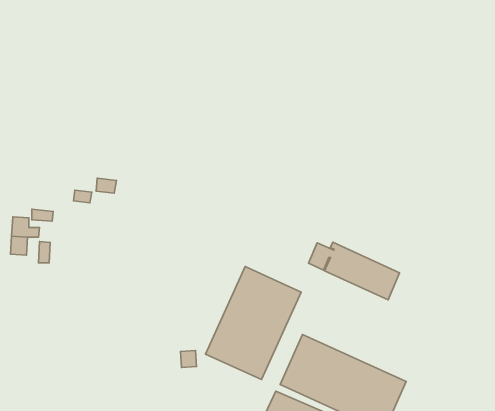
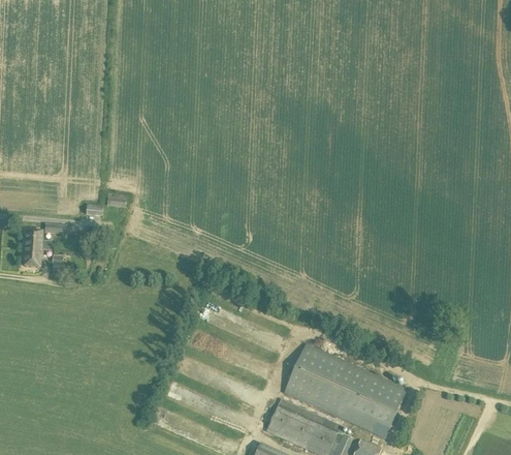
building: [309,242,400,300] -> none
building: [206,266,301,380] -> none

